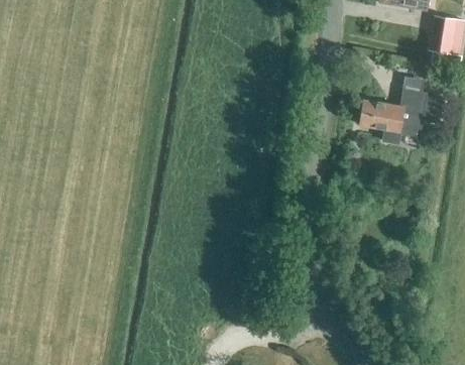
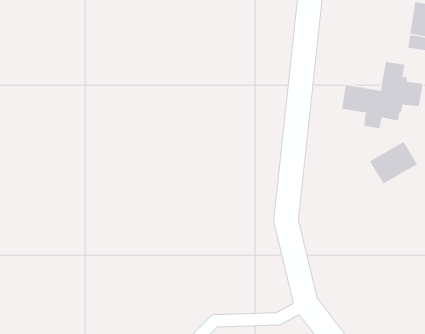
building: none -> [369,141,418,185]

